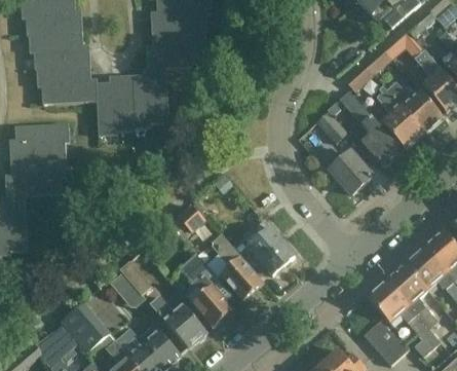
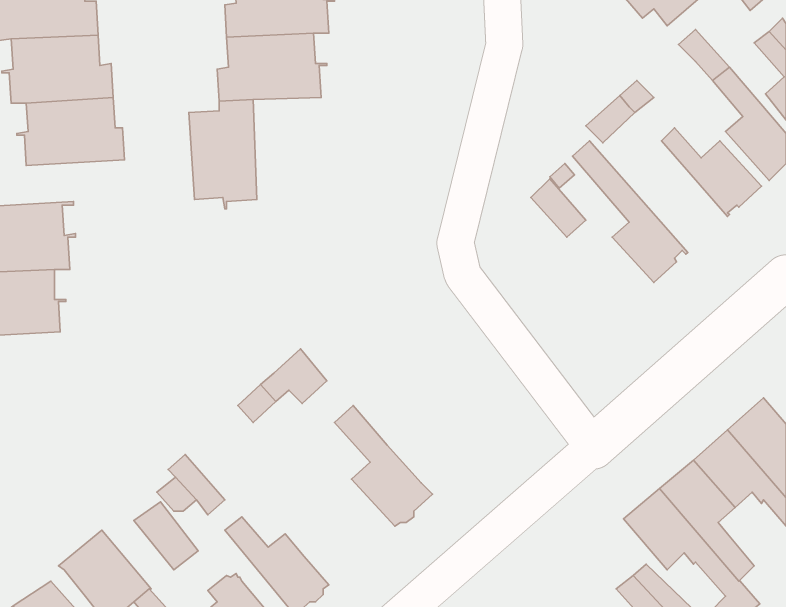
building: [96,75,135,136] -> none
building: [377,85,424,148] -> none
building: [319,146,373,194] -> none
building: [239,220,295,276] -> none
building: [184,256,234,327] -> none

